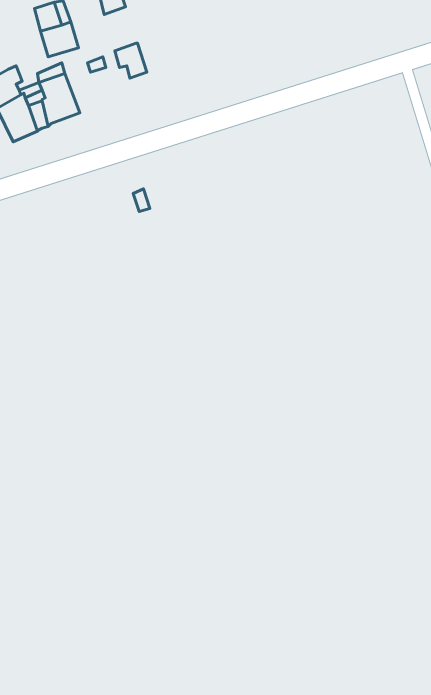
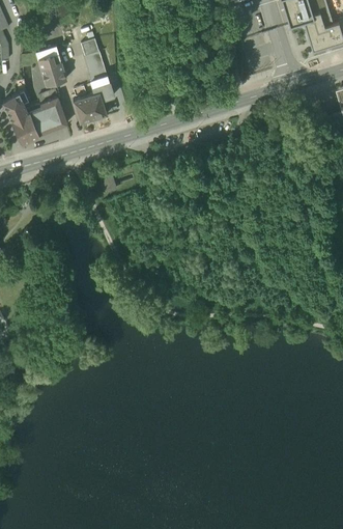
building: none -> [84,52,107,82]
building: none -> [74,92,107,122]

